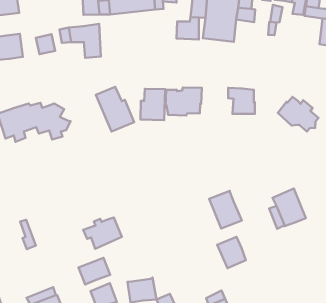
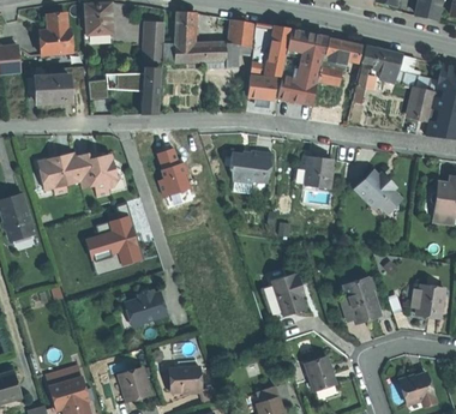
building: [141,89,165,120] -> none
building: none -> [84,212,143,274]
building: [217,237,246,268] -> [302,356,334,391]
building: [78,258,110,285] -> none

